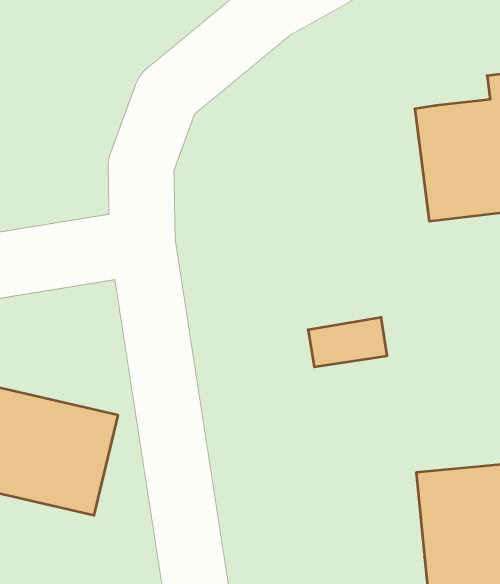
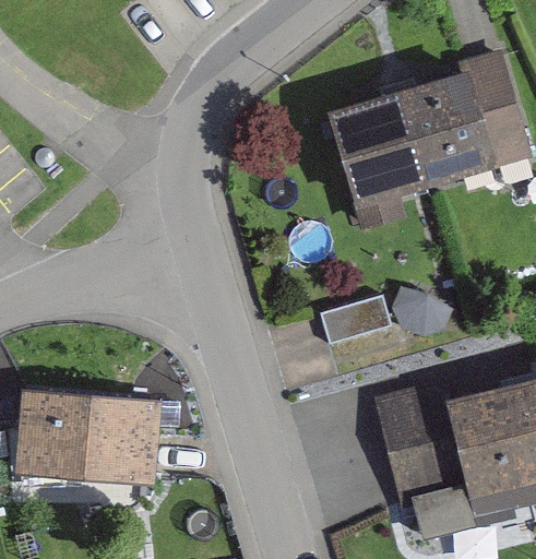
building: none -> [327,103,425,216]
building: none -> [373,384,463,496]

